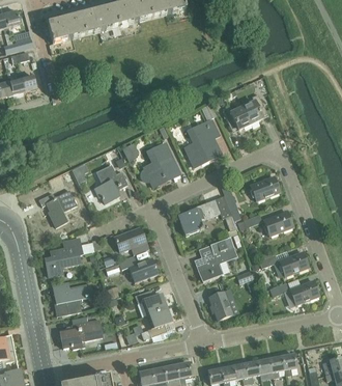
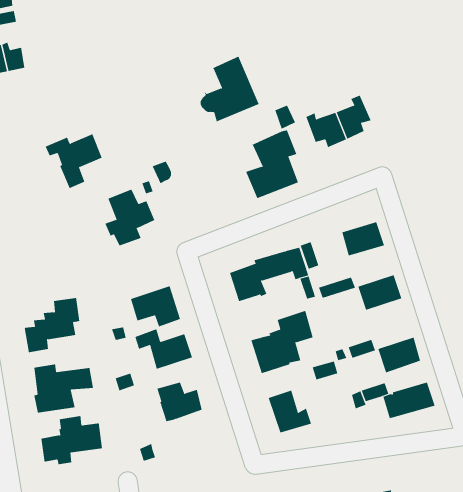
building: [141,141,180,186] -> [200,56,260,122]
building: [38,188,77,225] -> [45,134,102,189]
building: [142,306,171,337] -> none

